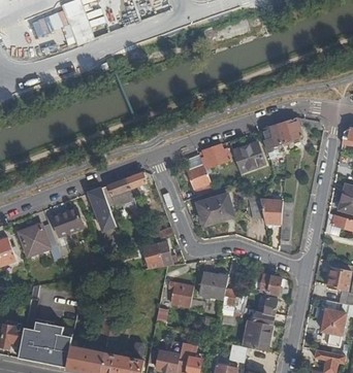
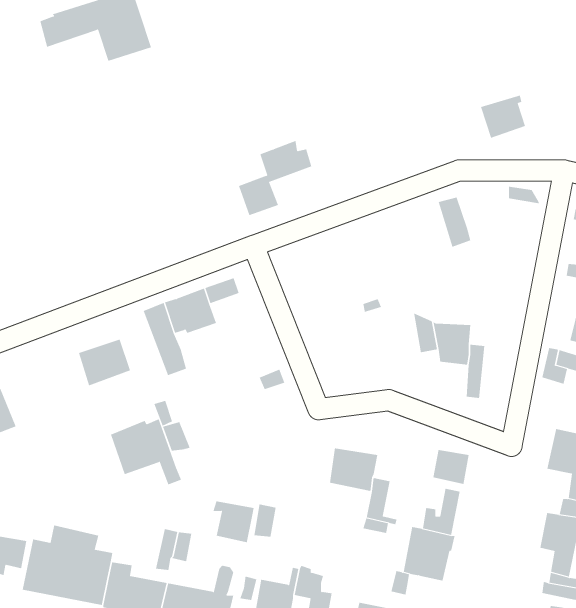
building: [275,118,301,144] -> [480,95,526,139]
building: [232,143,264,173] -> none
building: [187,144,230,189] -> [238,140,312,216]
building: [197,194,234,226] -> none
building: [20,224,62,263] -> [110,419,182,485]
building: [142,241,173,269] -> none
building: [168,282,193,307] -> [212,501,255,543]

